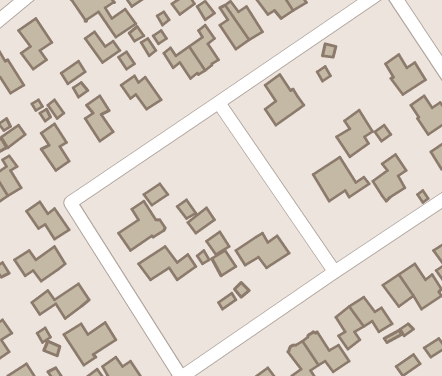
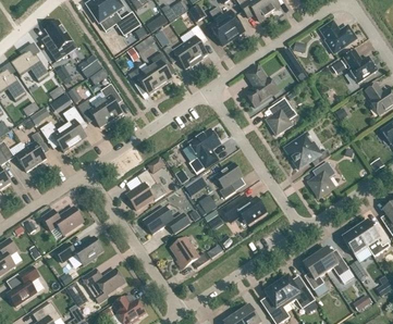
building: none -> [320,21,356,53]
building: none -> [148,51,173,86]
building: [337,110,373,157] -> [266,97,295,135]
building: none -> [77,99,111,126]
building: none -> [183,128,220,173]
building: [373,154,406,201] -> [308,160,335,198]
building: none -> [216,163,242,198]
building: [26,202,69,239] -> [40,121,75,151]
building: none -> [171,237,210,267]

